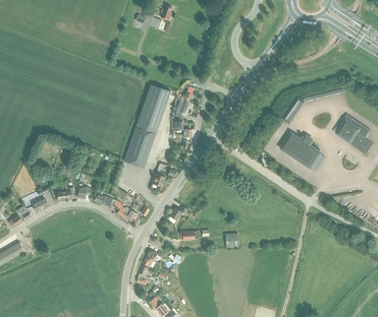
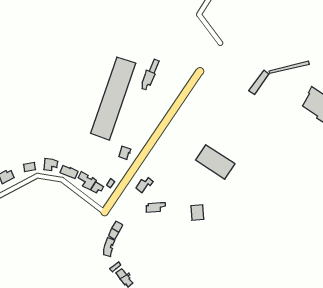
building: [280,133,320,168] -> [195,145,235,179]

